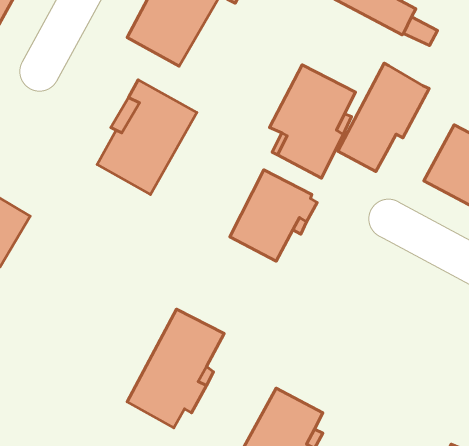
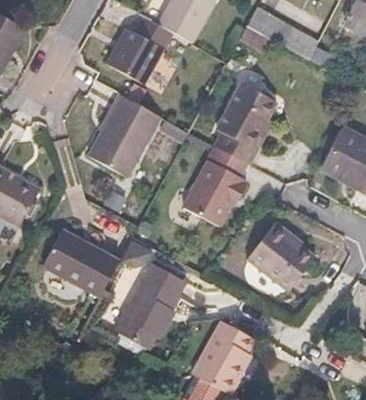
building: [338,63,429,171] -> none
building: none -> [248,223,317,294]
building: none -> [41,229,118,297]

